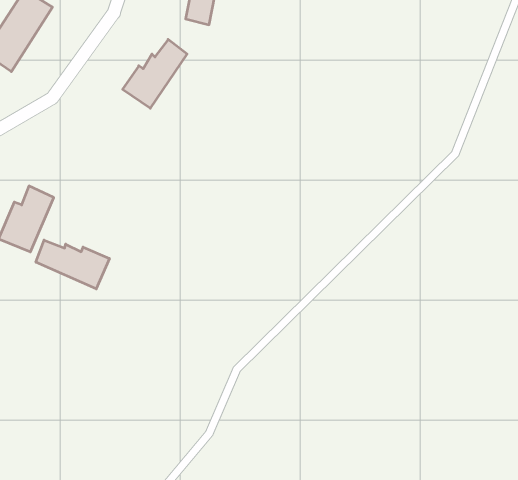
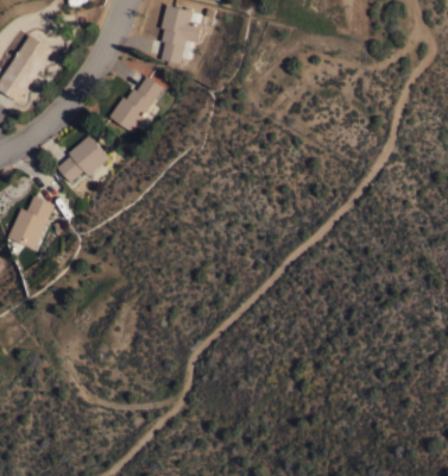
building: none -> [57,134,108,183]
building: [36,240,109,289] -> none

